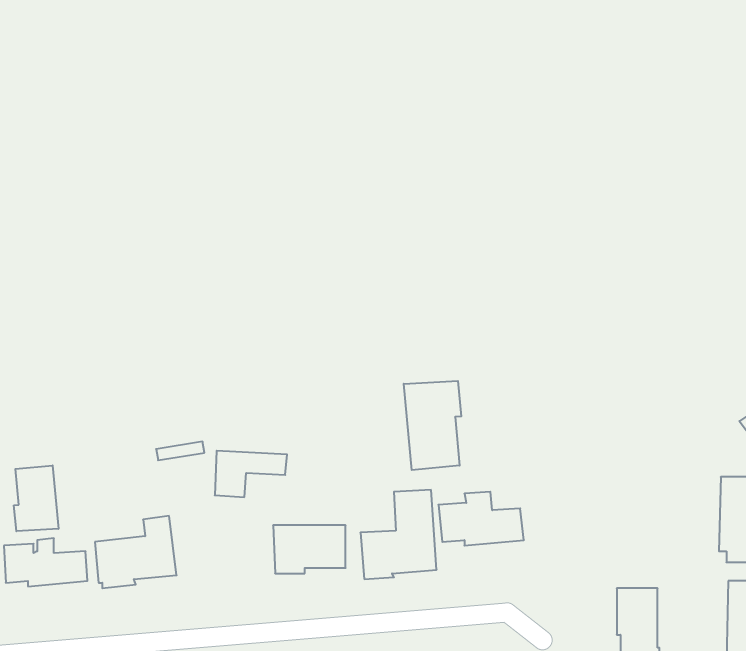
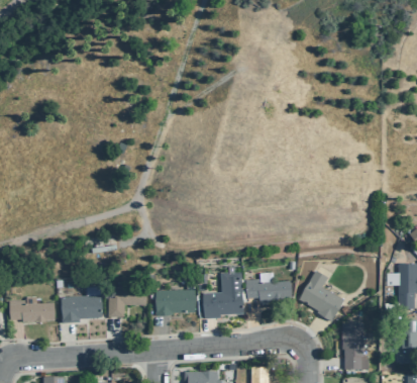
building: [404,381,461,470] -> none
building: [215,451,287,497] -> [108,293,147,318]
building: [14,465,58,531] -> none
building: none -> [299,271,345,322]

